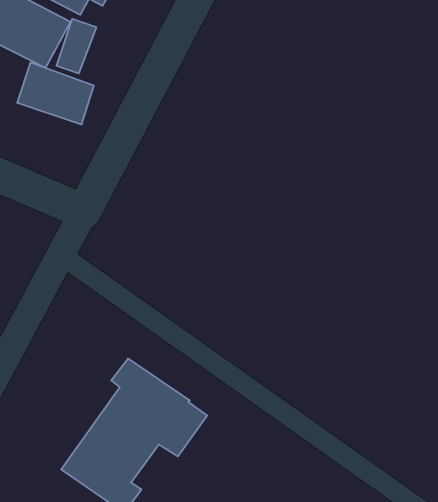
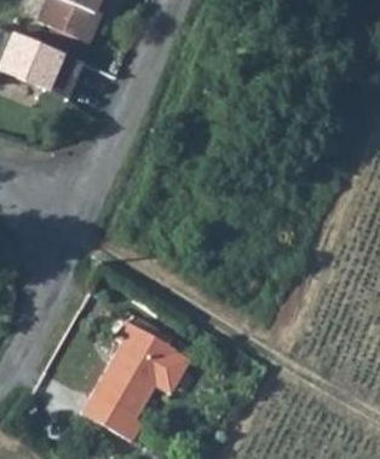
building: [17,63,94,125] -> none

